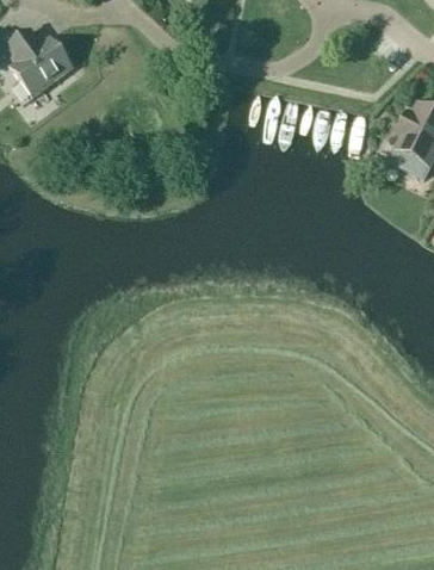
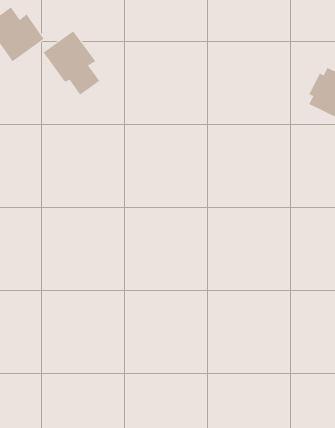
building: none -> [43,31,100,95]

